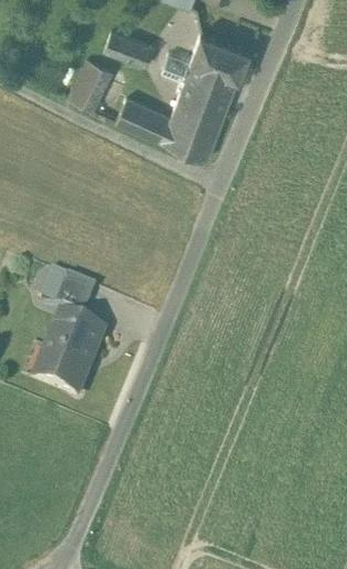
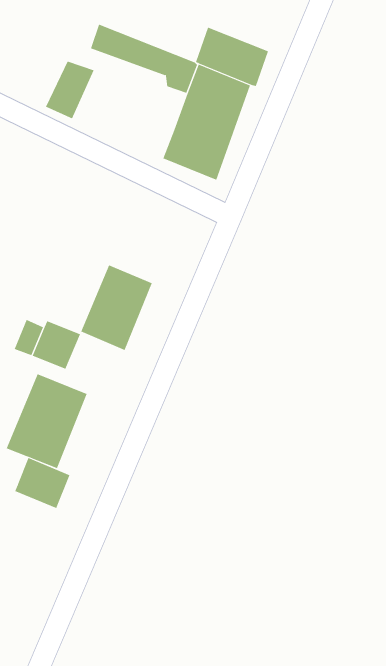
building: [115,99,172,141] -> none
building: none -> [80,265,152,351]
building: none -> [14,457,70,509]

